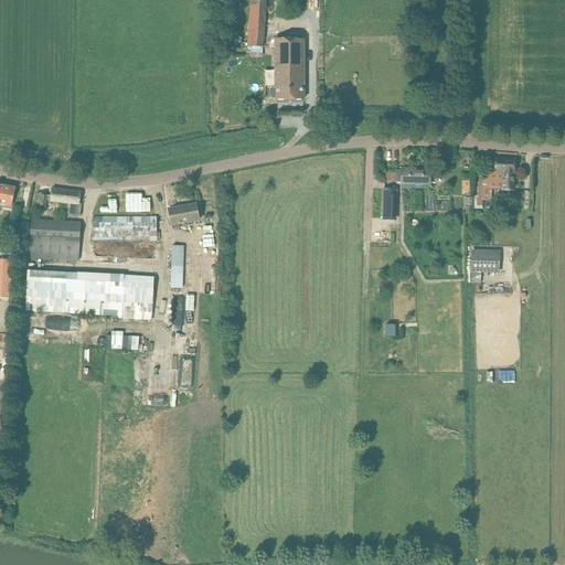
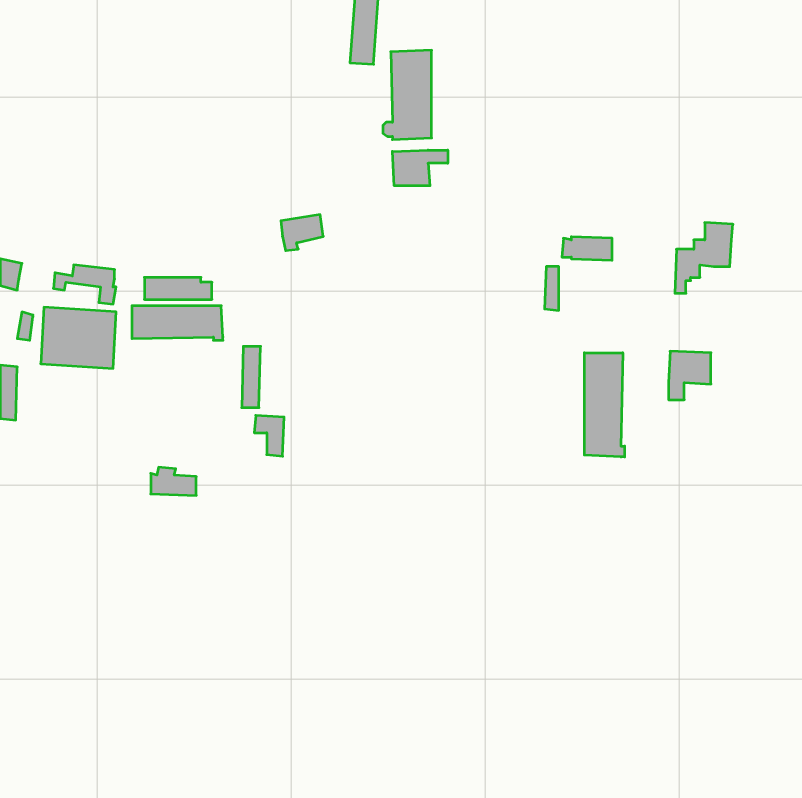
building: none -> [392,150,448,186]
building: [169,202,199,227] -> [281,215,323,251]
building: none -> [584,353,625,457]
building: [25,268,153,319] -> none

